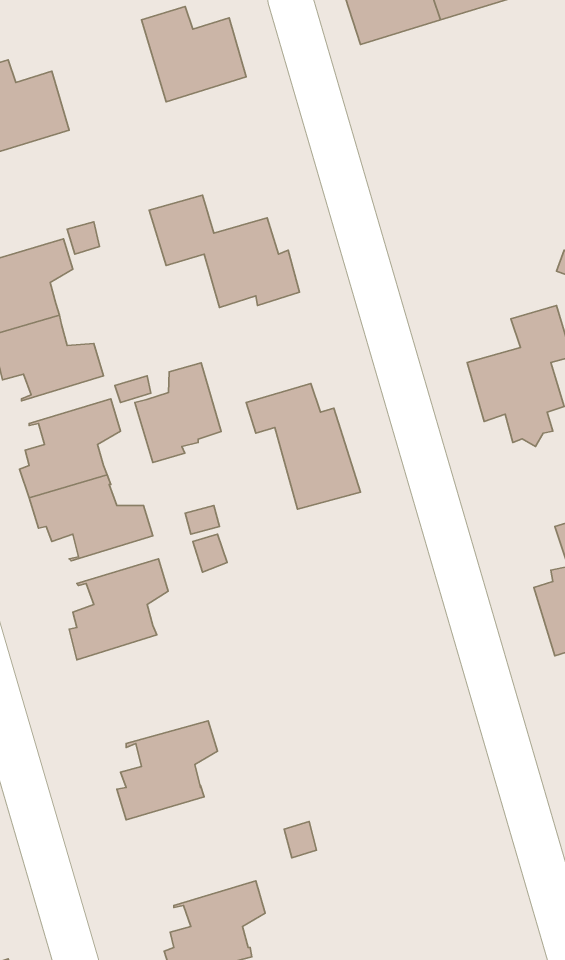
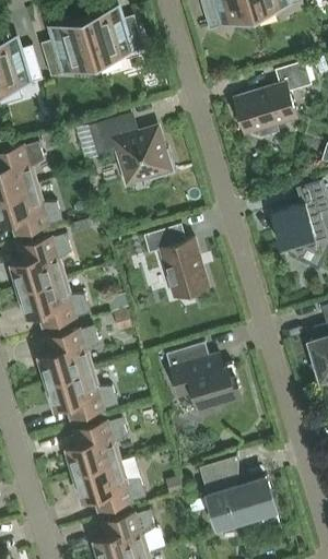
building: none -> [40,16,97,78]
building: none -> [235,61,311,136]
building: [135,363,221,462] -> none
building: none -> [166,343,242,417]
building: none -> [46,369,117,419]
building: none -> [188,451,281,533]
building: none -> [74,462,144,511]

